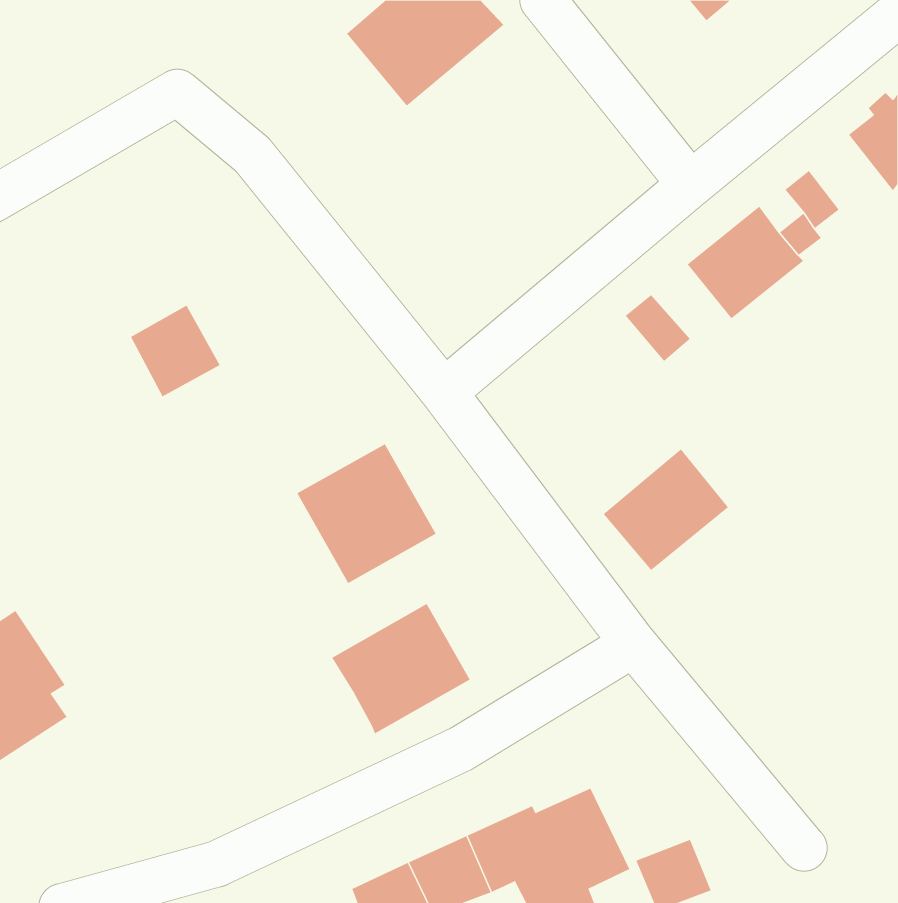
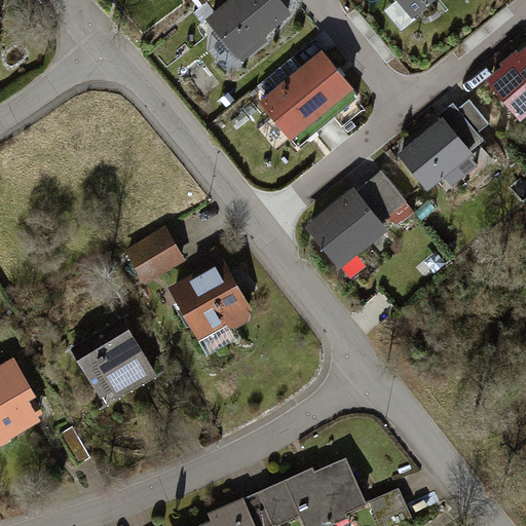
building: none -> [261,53,358,147]
building: [130,305,221,397] -> [138,225,190,278]
building: [603,448,729,571] -> [306,193,379,264]
building: none -> [72,320,151,399]
building: [331,603,470,734] -> none

